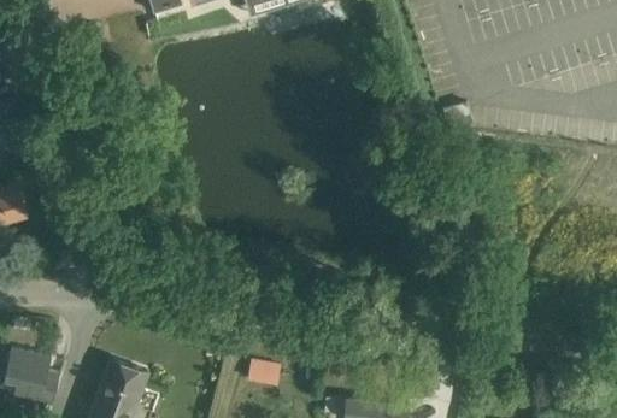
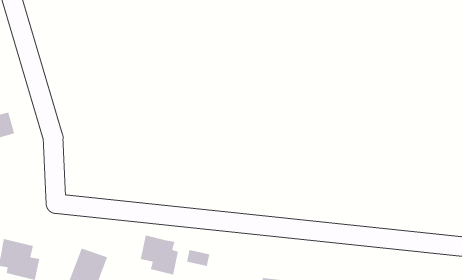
building: none -> [140,235,179,275]

